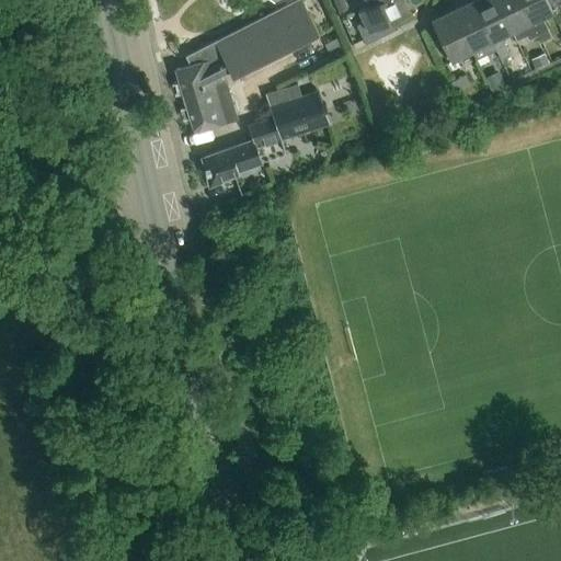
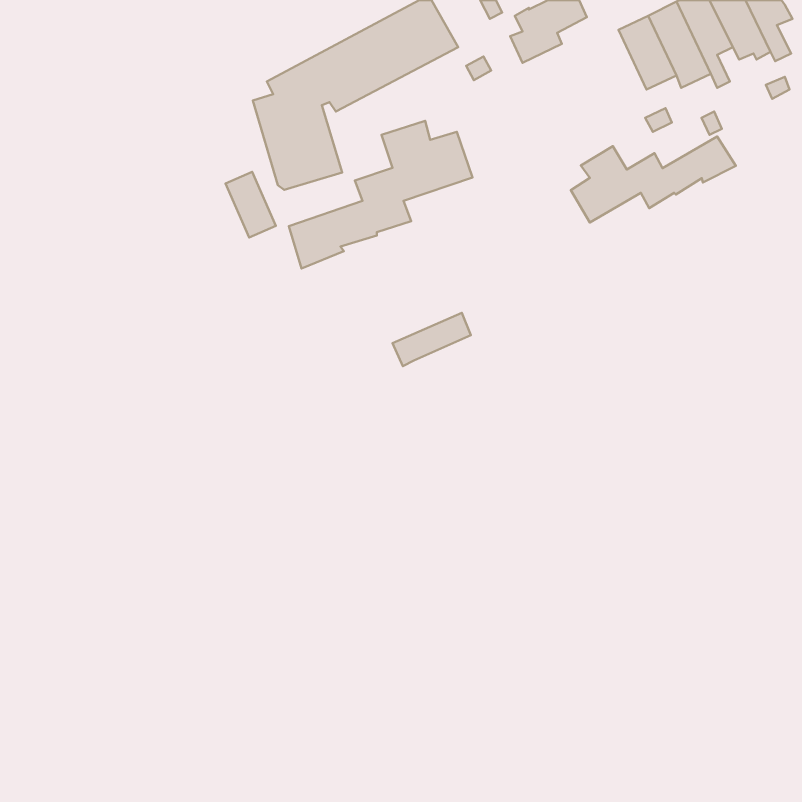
building: none -> [571,137,736,223]
building: none -> [225,172,276,238]
building: none -> [393,313,471,366]

